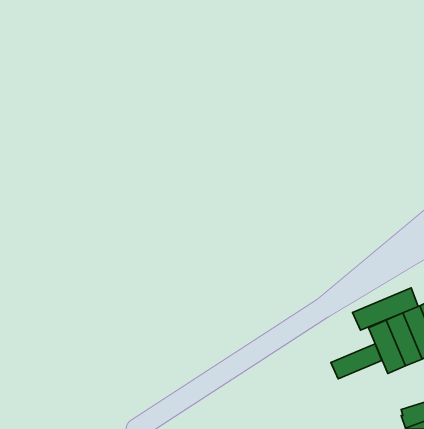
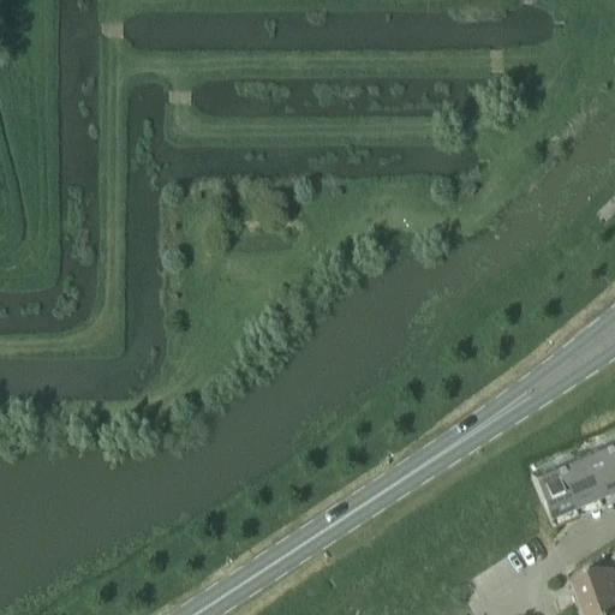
building: [353,288,418,330] -> none
building: [331,344,382,379] -> none

